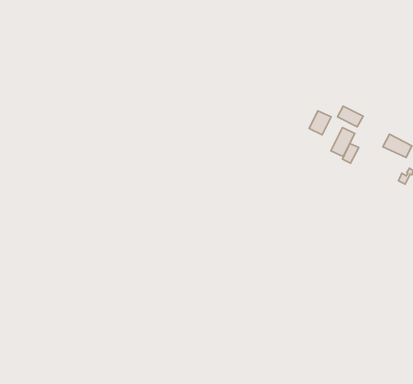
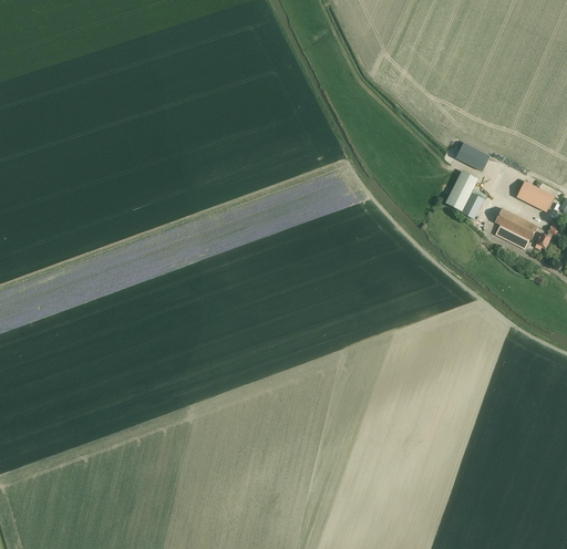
building: [309,111,331,135] -> none
building: none -> [494,208,537,250]

